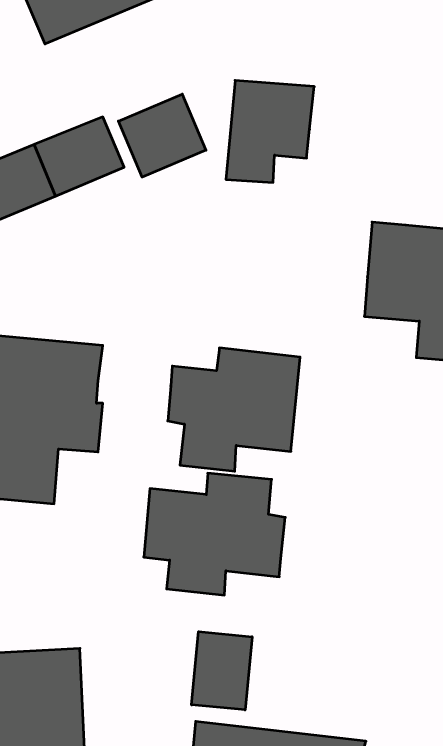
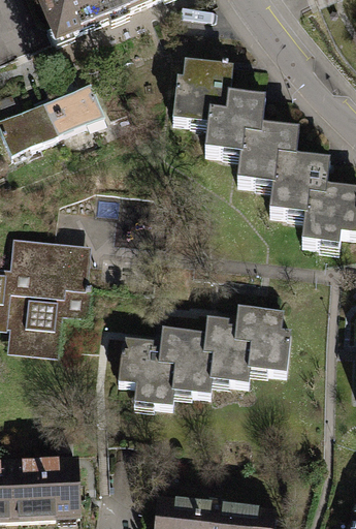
building: [118,94,206,177] -> none
building: none -> [203,94,298,194]
building: [168,348,300,471] -> [203,306,293,390]
building: [192,632,252,710] -> none

